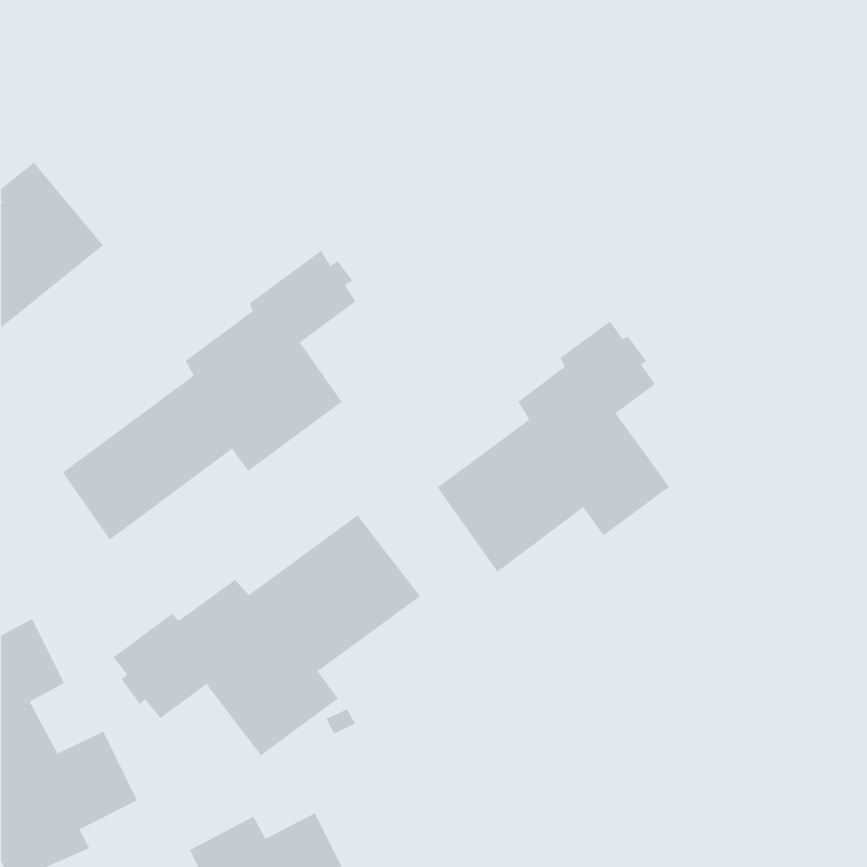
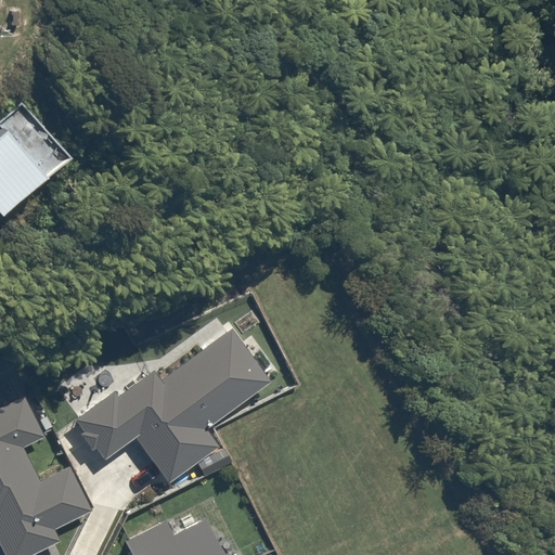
building: [62,250,356,541] -> none
building: [437,320,670,572] -> none

